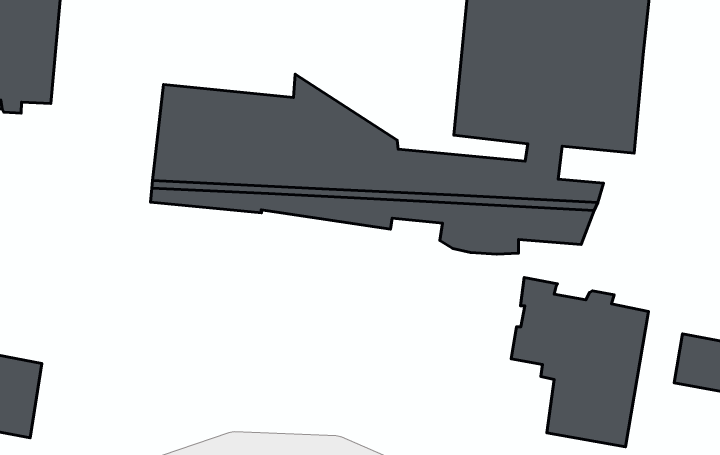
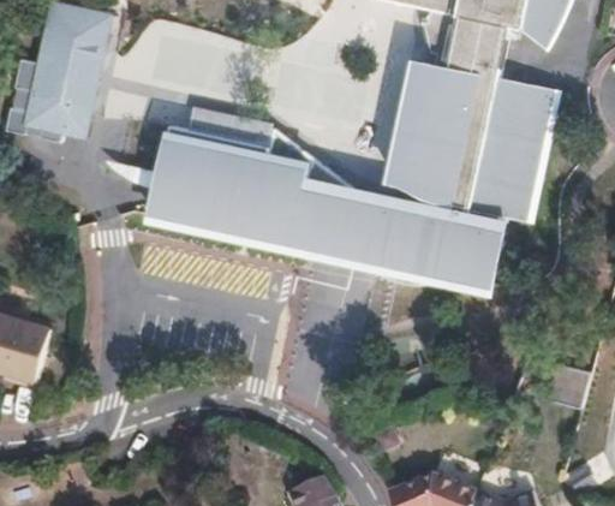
building: [511,278,649,447] -> none

